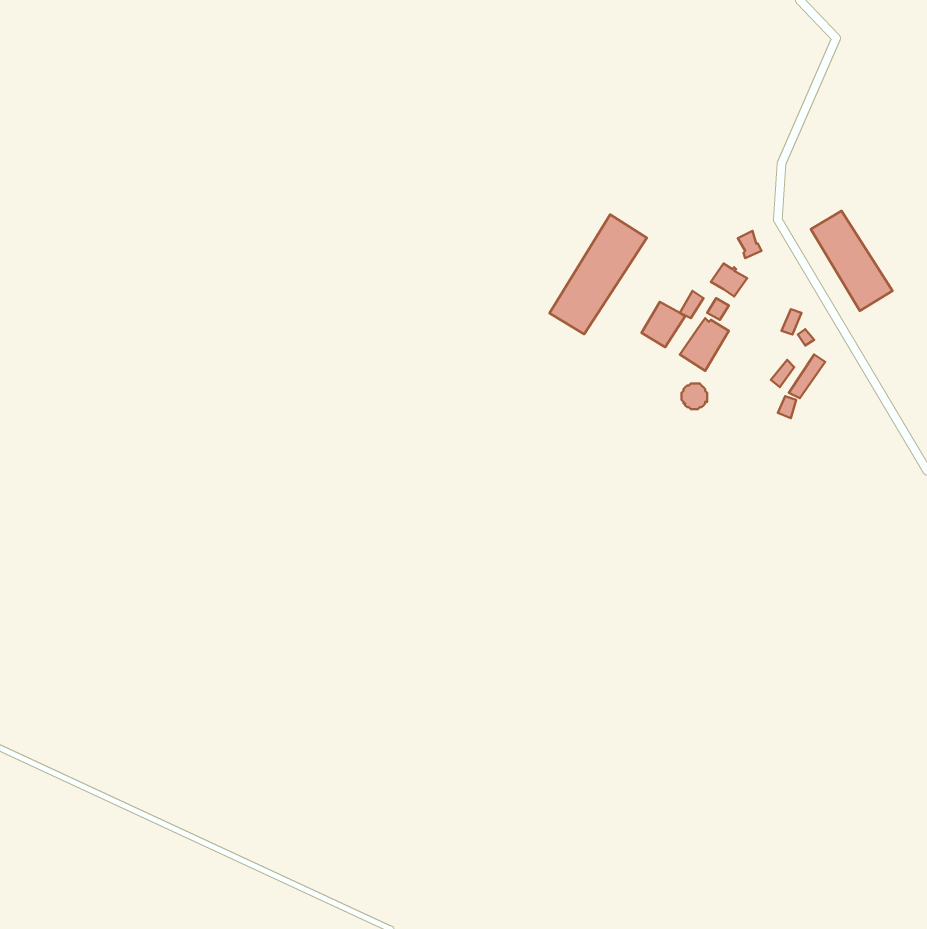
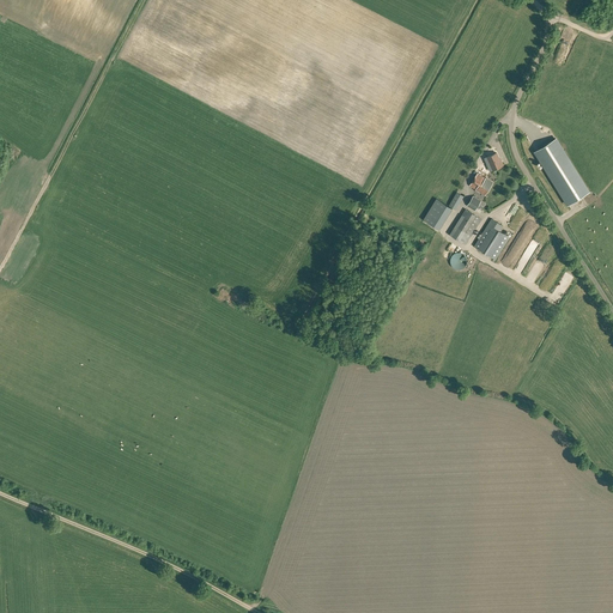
building: [549,215,647,334] -> none
building: none -> [473,218,509,260]

